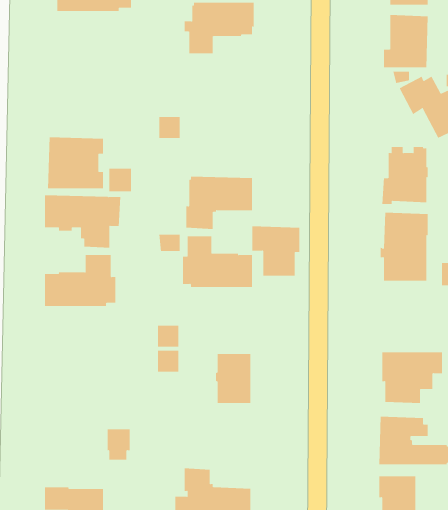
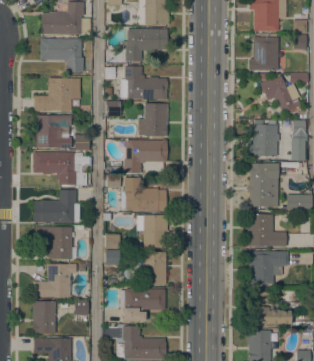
building: none -> [40,38,83,71]
building: none -> [120,65,166,98]
building: none -> [33,77,80,110]
building: none -> [137,102,167,136]
building: [251,226,300,276] -> [136,214,167,246]
building: none -> [247,214,285,246]
building: none -> [35,225,75,259]
building: none -> [32,263,76,296]
building: none -> [119,288,165,321]
building: none -> [32,300,55,333]

